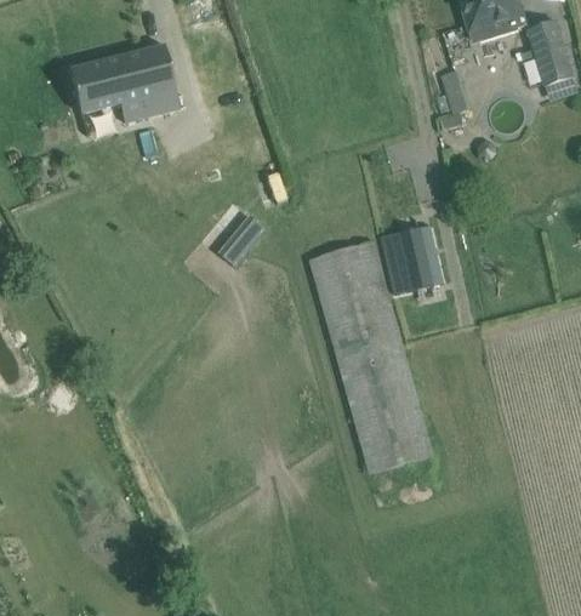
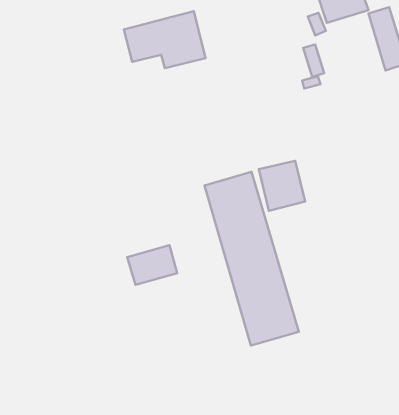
building: [69,44,178,120] -> [124,11,205,68]
building: [223,215,263,256] -> none
building: none -> [127,245,177,285]

